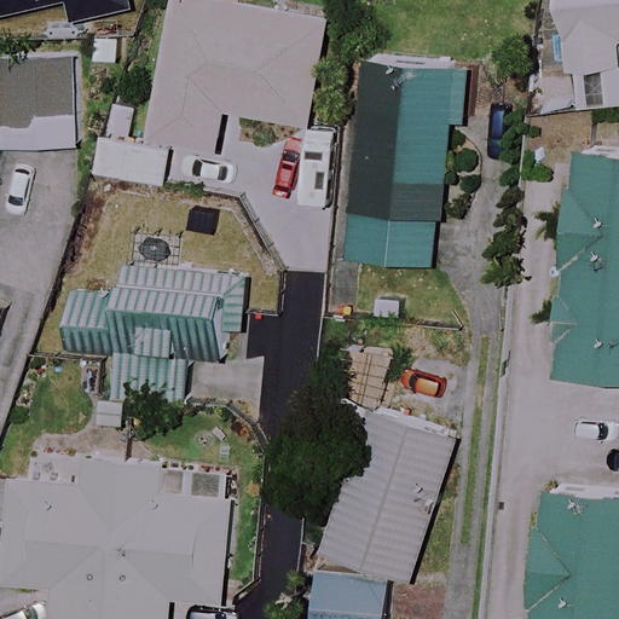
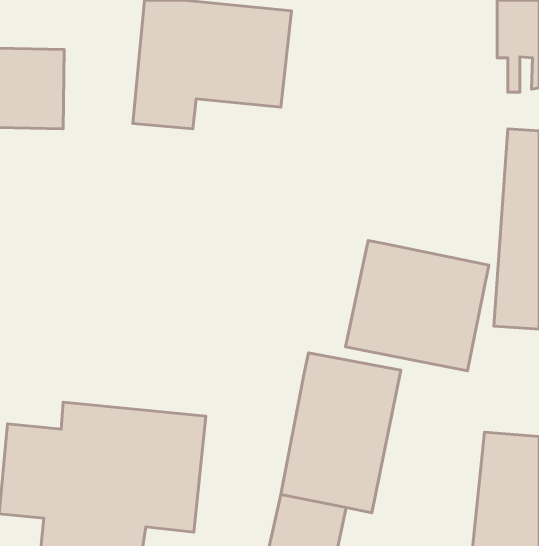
building: [347,60,464,265] -> none
building: [68,265,242,404] -> none
building: none -> [346,240,489,371]

